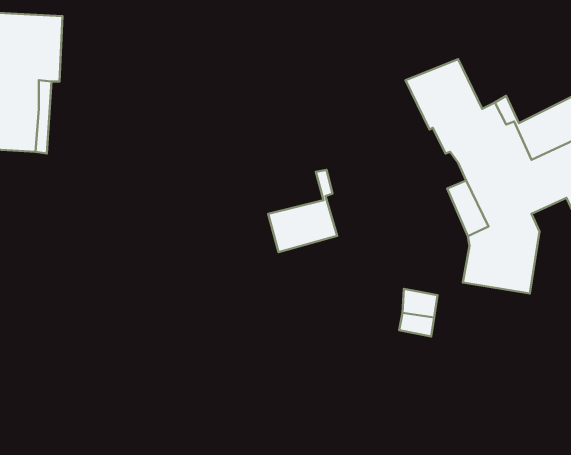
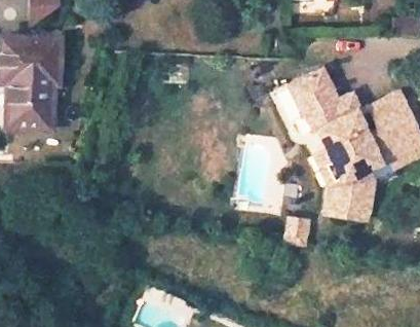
building: [268,170,337,252] -> none

